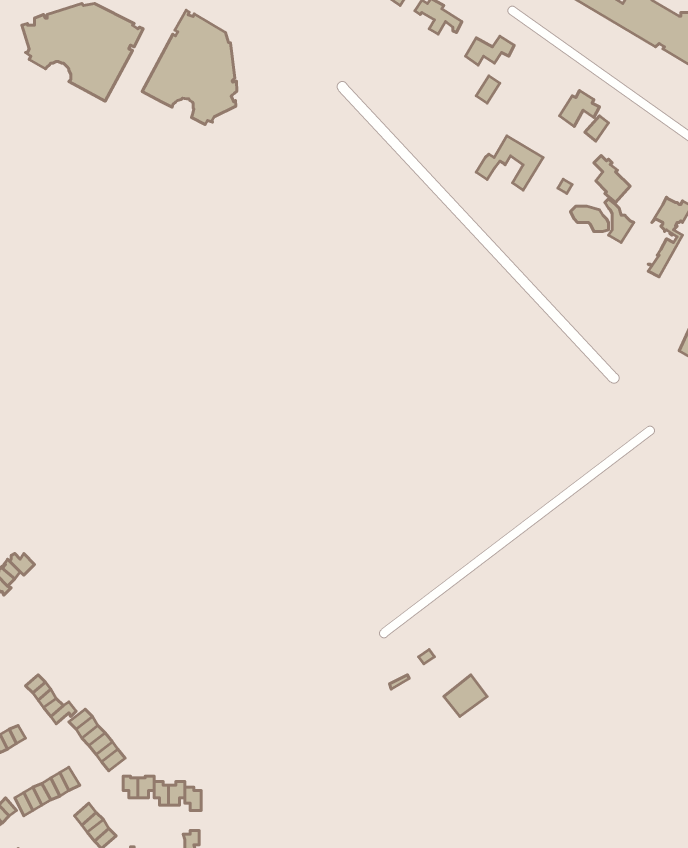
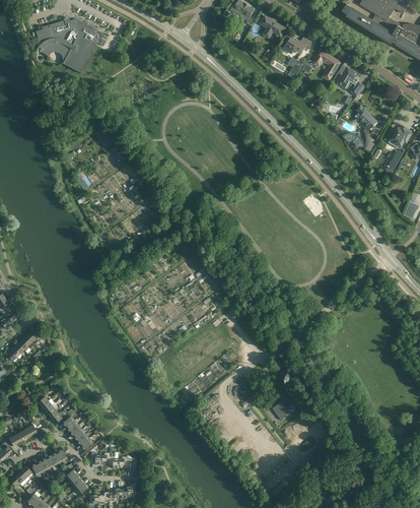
building: [142,10,237,124] -> none
building: [476,136,543,190] -> [302,49,340,79]

